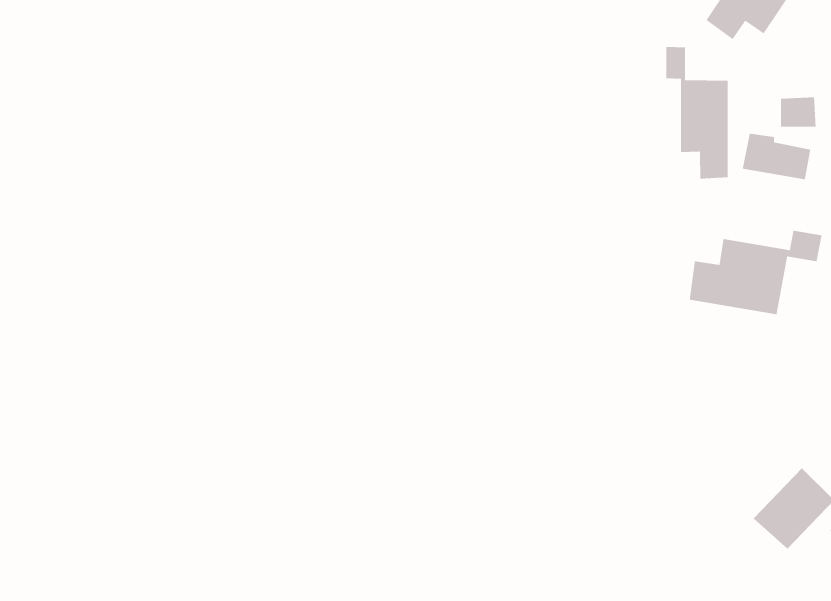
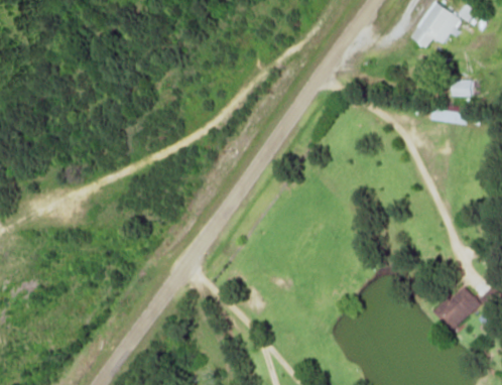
building: [665,46,729,180] -> none
building: [689,230,822,315] -> none

